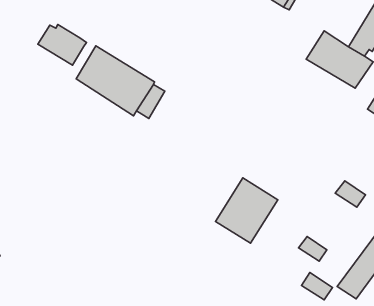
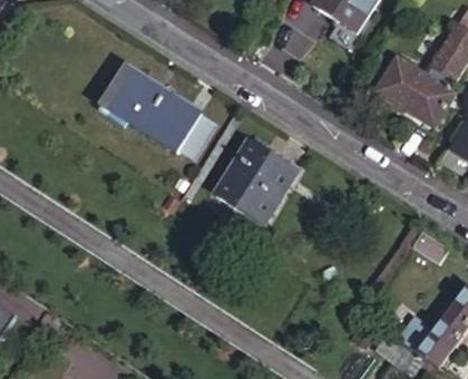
building: [38,24,87,65] -> none
building: [216,178,278,243] -> [216,144,290,221]

